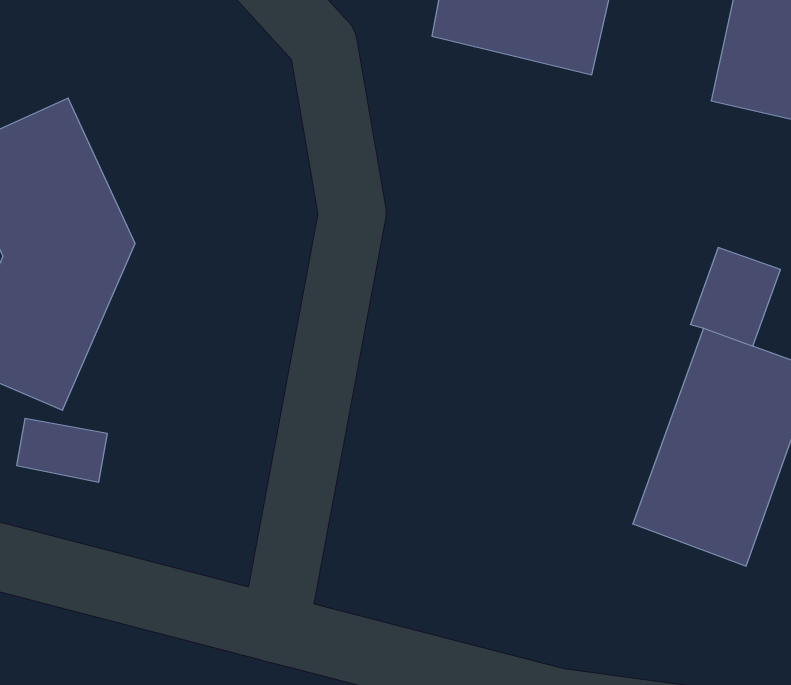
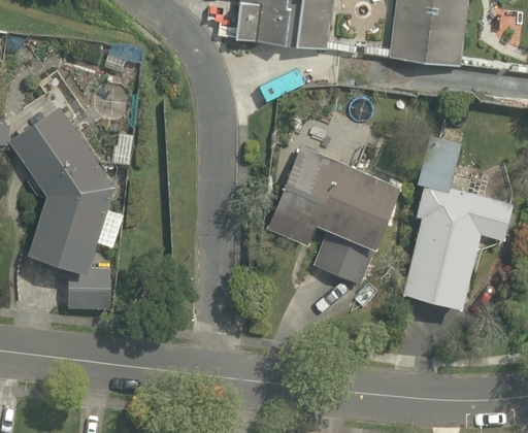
building: none -> [258,142,398,285]

